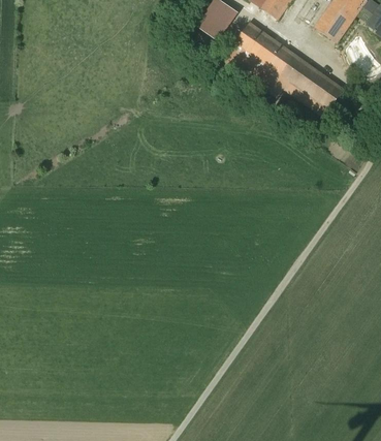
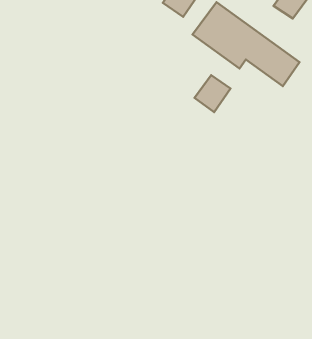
building: none -> [195,75,230,112]

